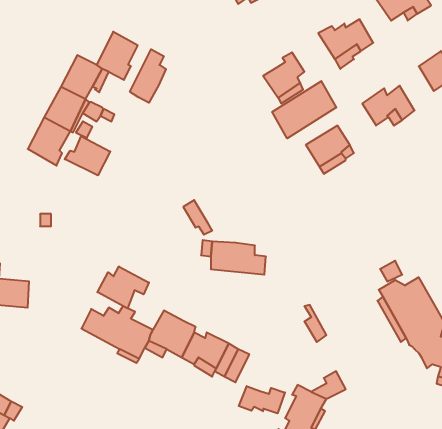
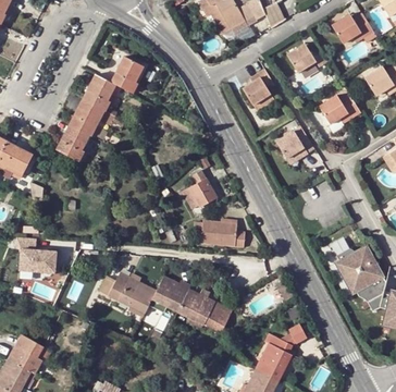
building: [130,49,166,103] -> none
building: [272,81,336,138] -> none
building: [65,136,110,175] -> none
building: none -> [188,170,216,206]
building: [97,266,149,308] -> none
building: [239,386,285,413] -> none

